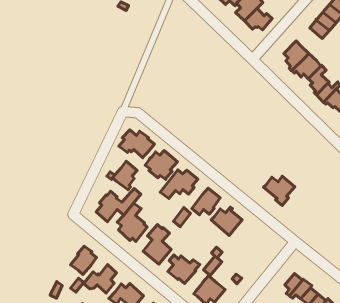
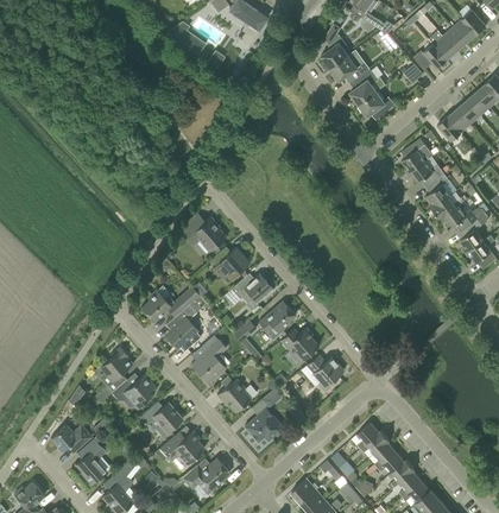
building: [113,161,137,190] -> none
building: [264,176,295,206] -> [305,354,343,391]

